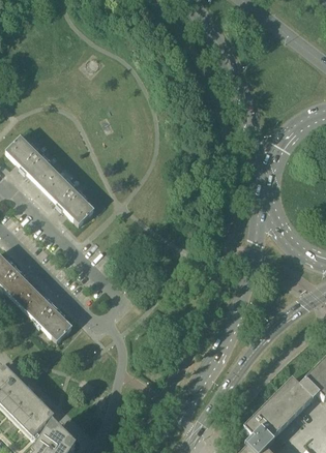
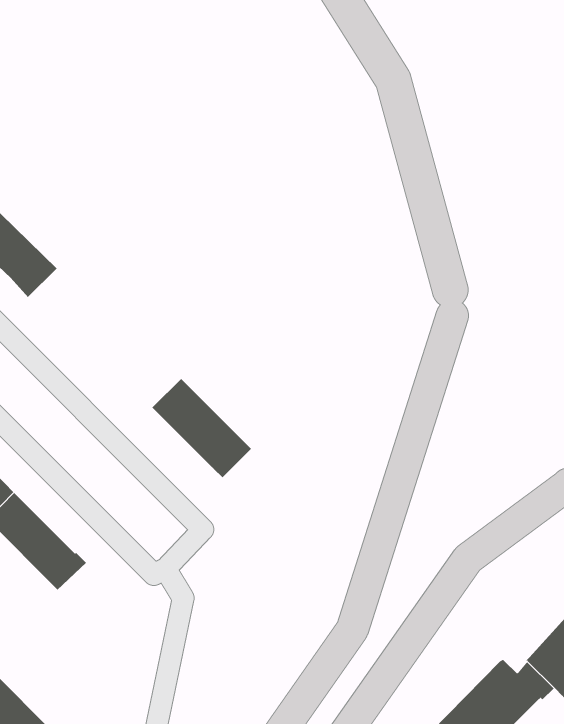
building: [41,172,94,224] -> [152,378,252,478]

